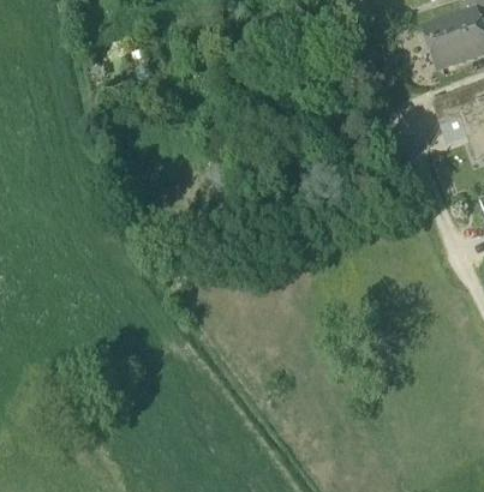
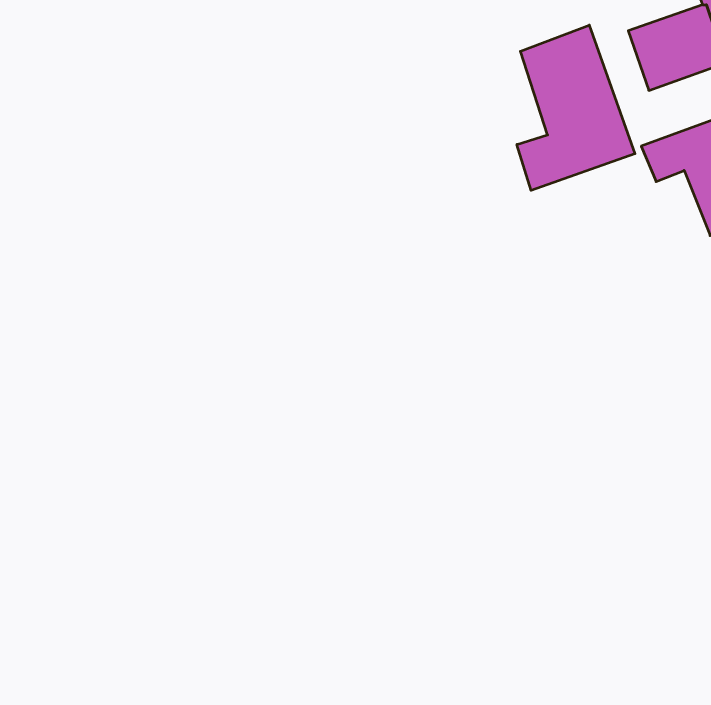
building: none -> [517,25,635,190]

